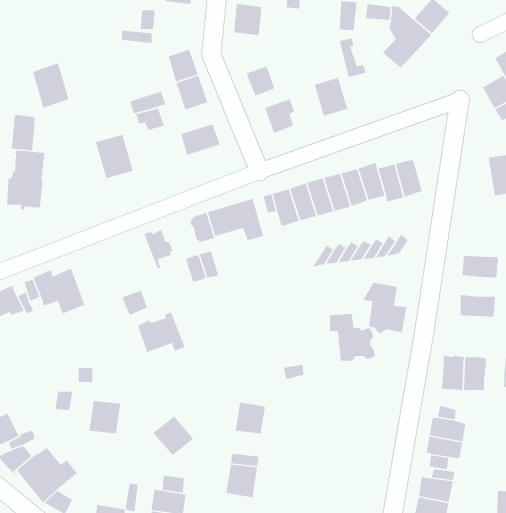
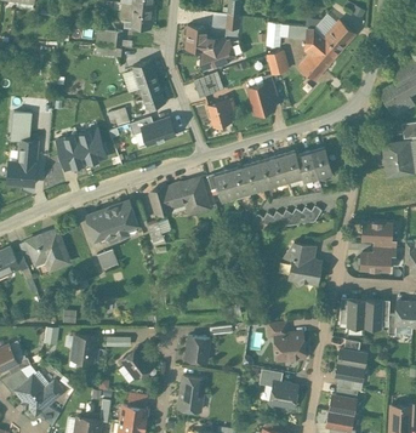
building: none -> [203,38,234,69]
building: [32,62,69,109] -> [56,133,85,170]
building: [137,311,185,353] -> [87,205,125,238]
building: [329,313,376,361] -> [268,321,304,359]
building: none -> [260,369,297,408]

